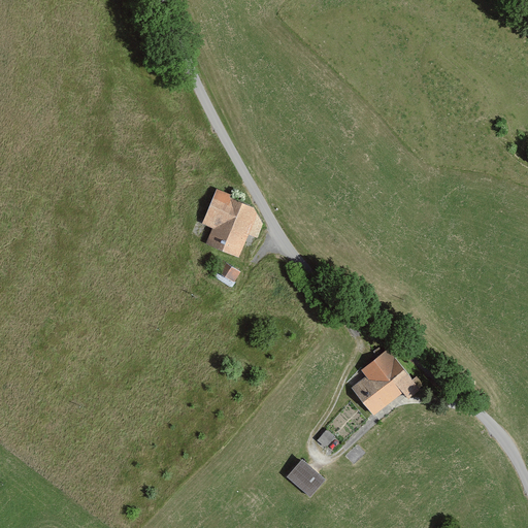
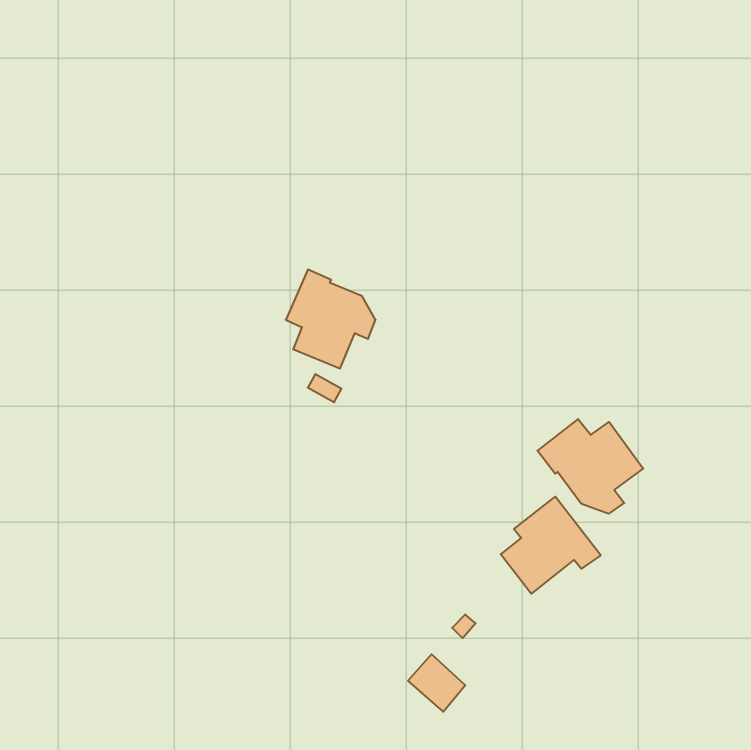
building: none -> [537,419,643,514]

